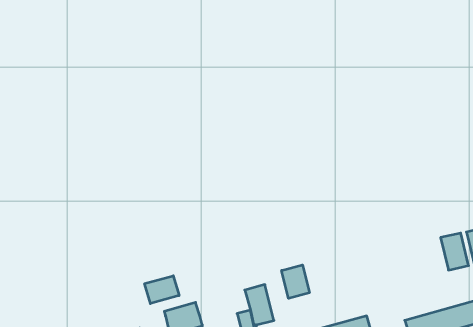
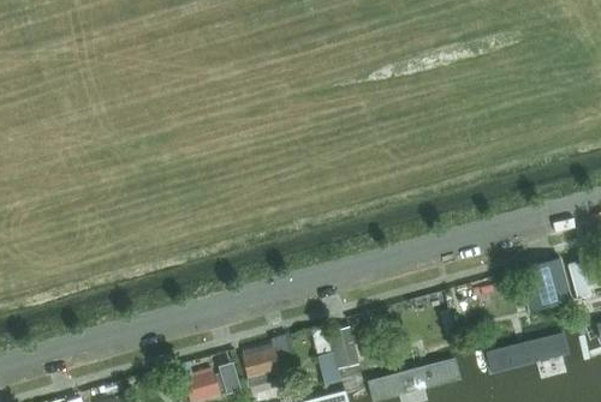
building: [282,265,309,298] -> none
building: [145,276,179,304] -> none

